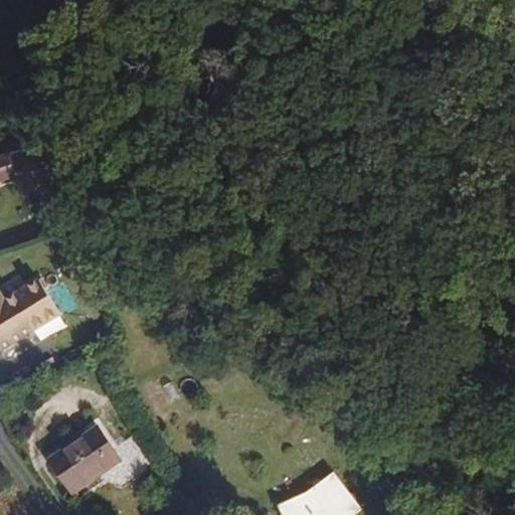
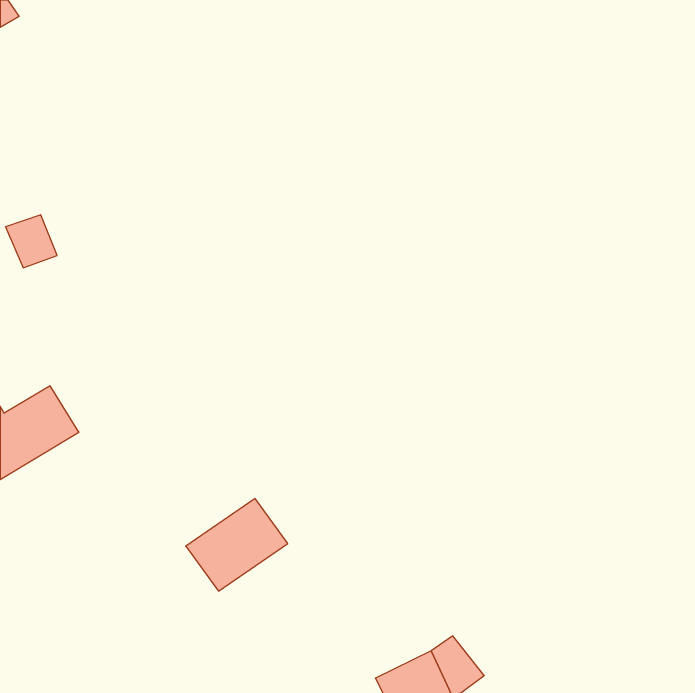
building: [44,425,120,494] -> [186,499,288,591]

